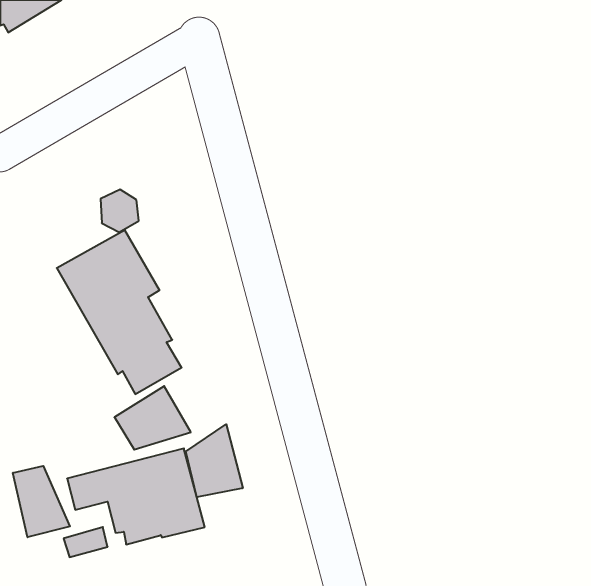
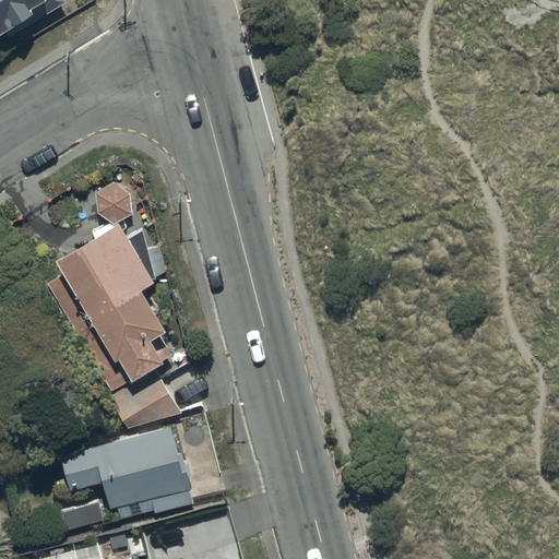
building: [186,424,243,497] -> none
building: [13,466,70,537] -> none

